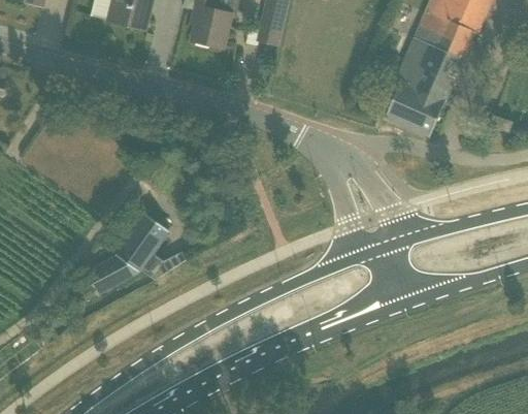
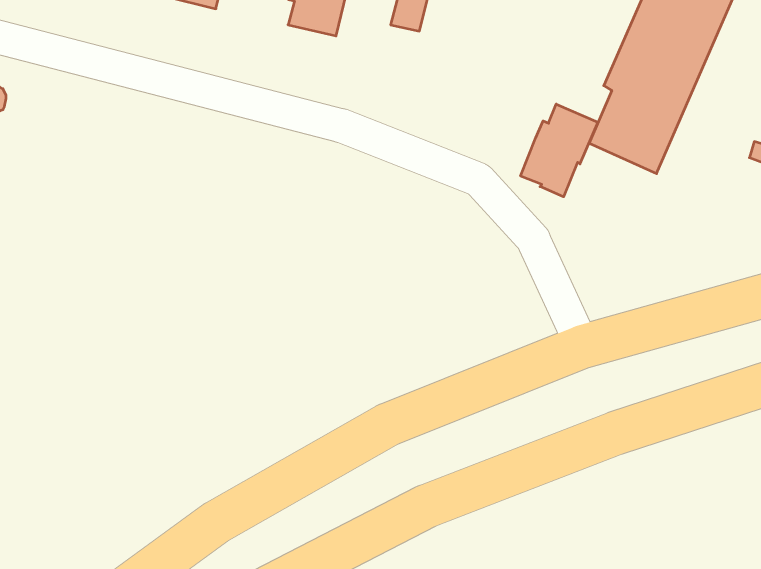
building: none -> [521,104,598,197]
building: [80,212,170,300] -> none

